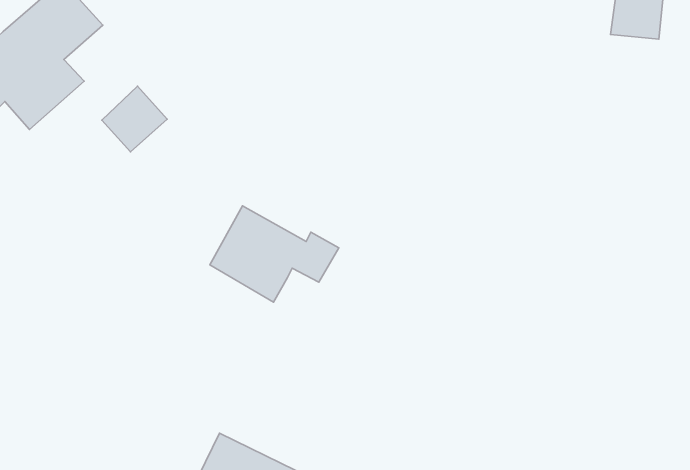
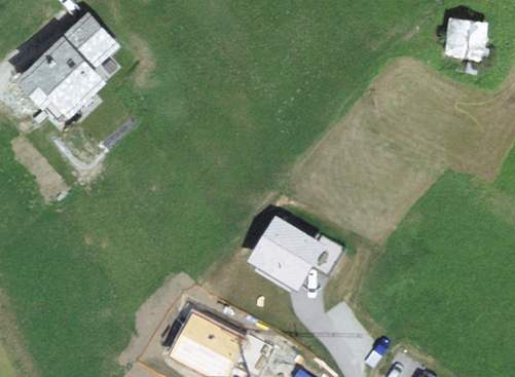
building: [102,86,167,152] -> none
building: [210,206,339,302] -> [253,221,338,285]

